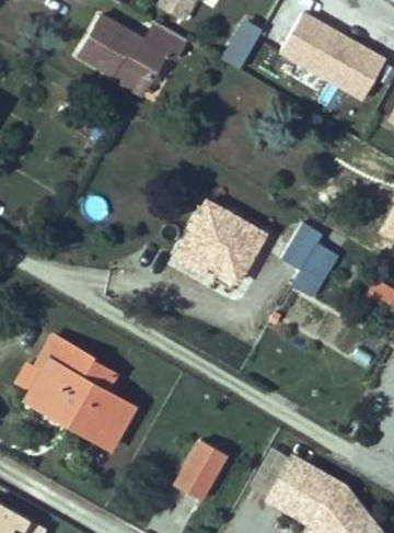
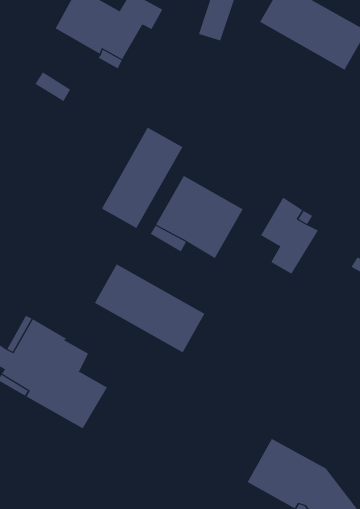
building: none -> [101,127,183,229]
building: none -> [94,263,205,353]
building: [175,440,227,499] -> none

